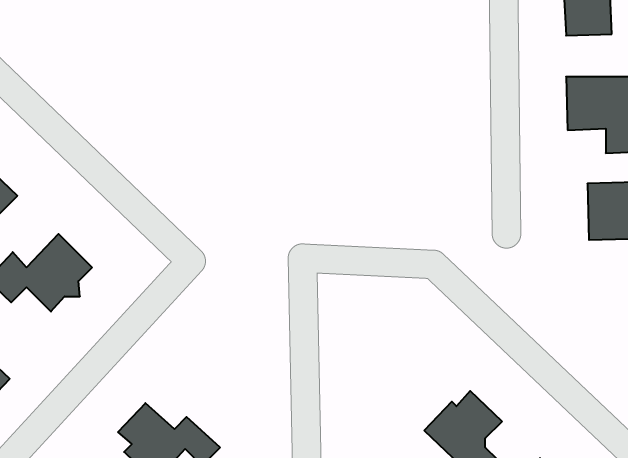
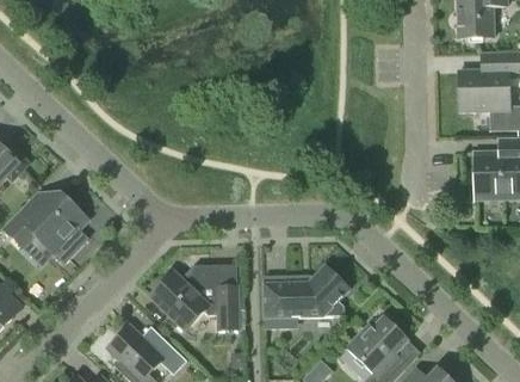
building: none -> [261,265,351,328]
building: none -> [150,270,239,329]

